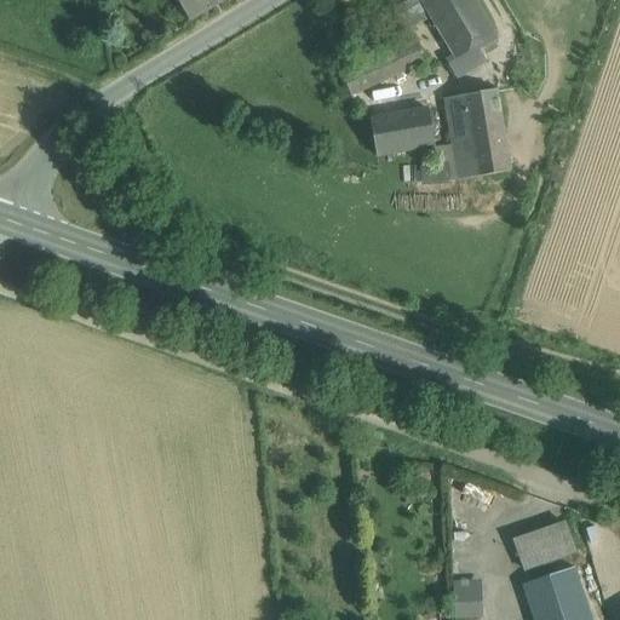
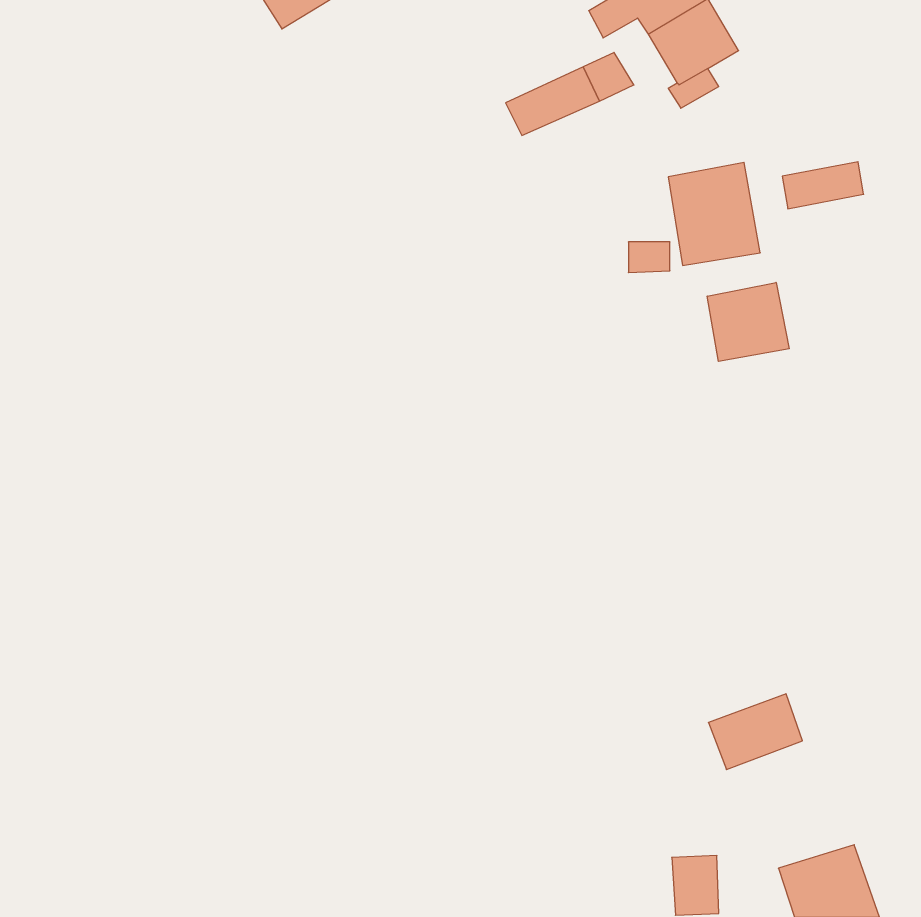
building: [446,87,500,119] -> [782,162,864,209]
building: [371,107,435,153] -> none
building: none -> [707,282,789,361]
building: [513,518,576,569] -> [708,694,802,770]

